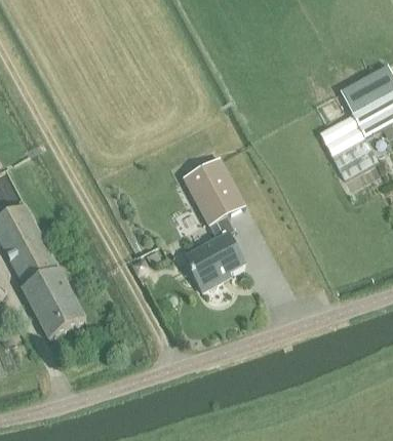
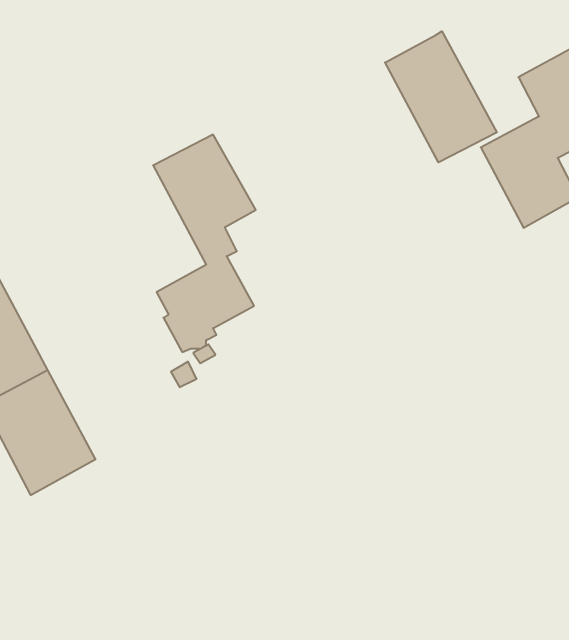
building: none -> [385,31,497,162]
building: [183,159,244,289] -> [153,135,256,352]

